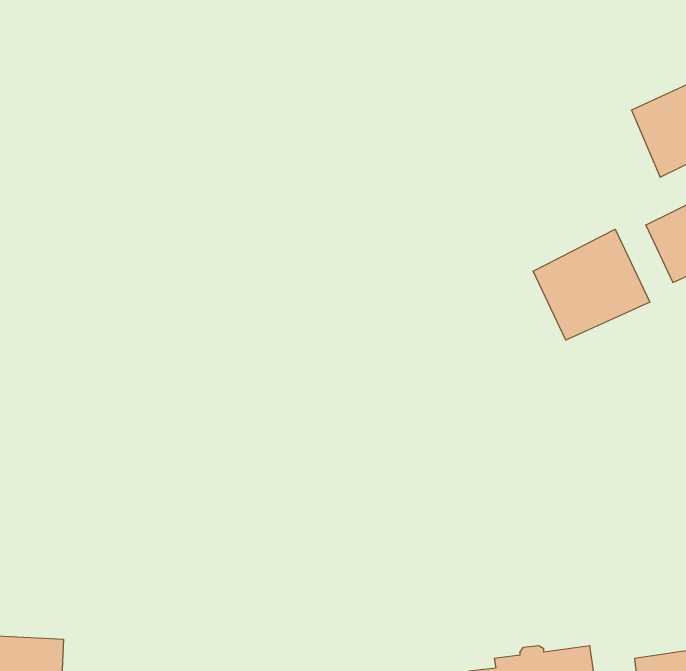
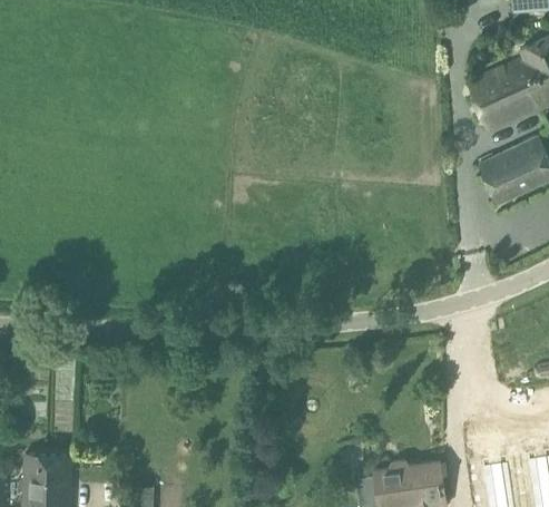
building: [533,229,650,340] -> none

